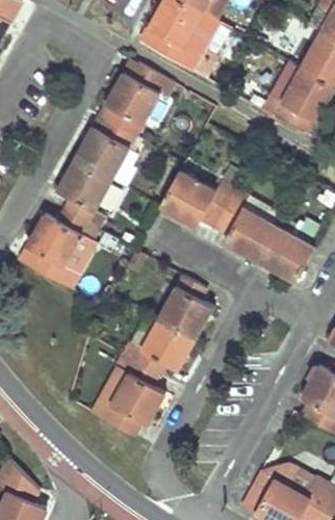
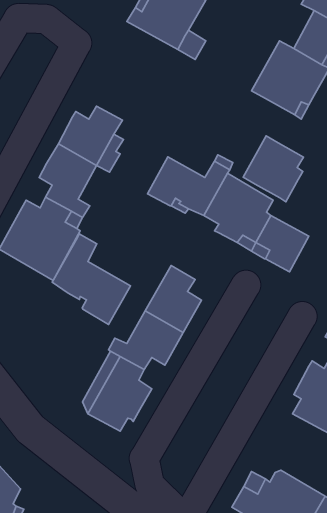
building: [104,57,174,135] -> none
building: none -> [243,136,303,202]
building: none -> [52,234,131,325]

